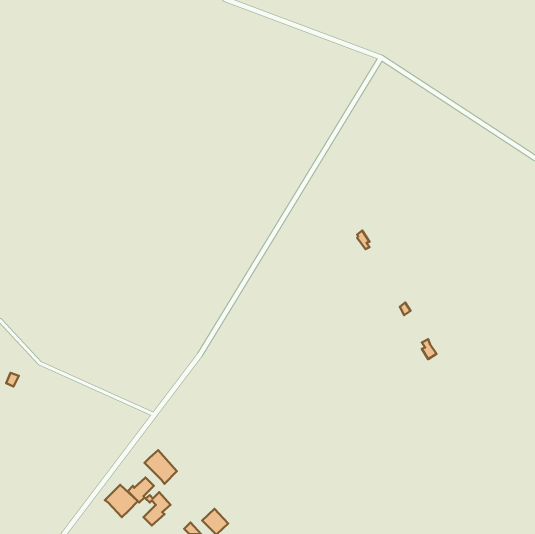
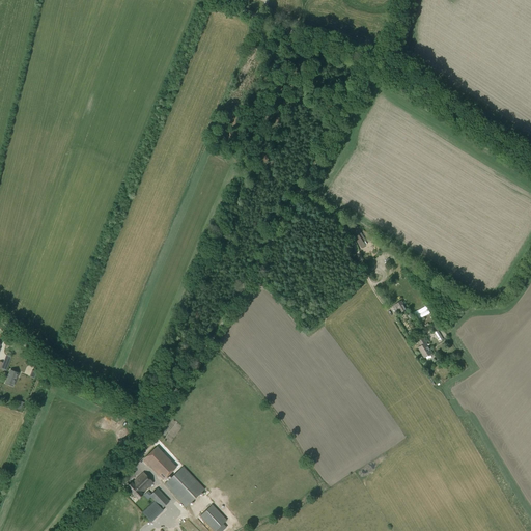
building: none -> [164,466,204,506]
building: [105,485,138,517] -> none

